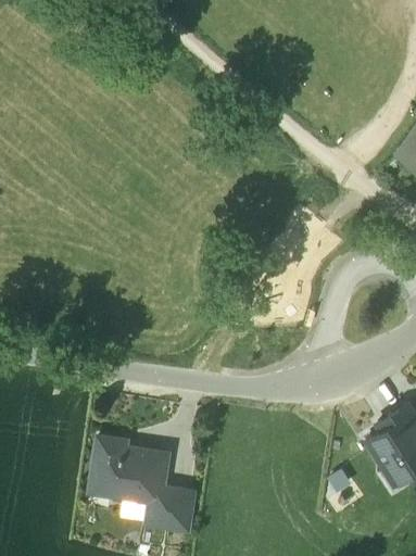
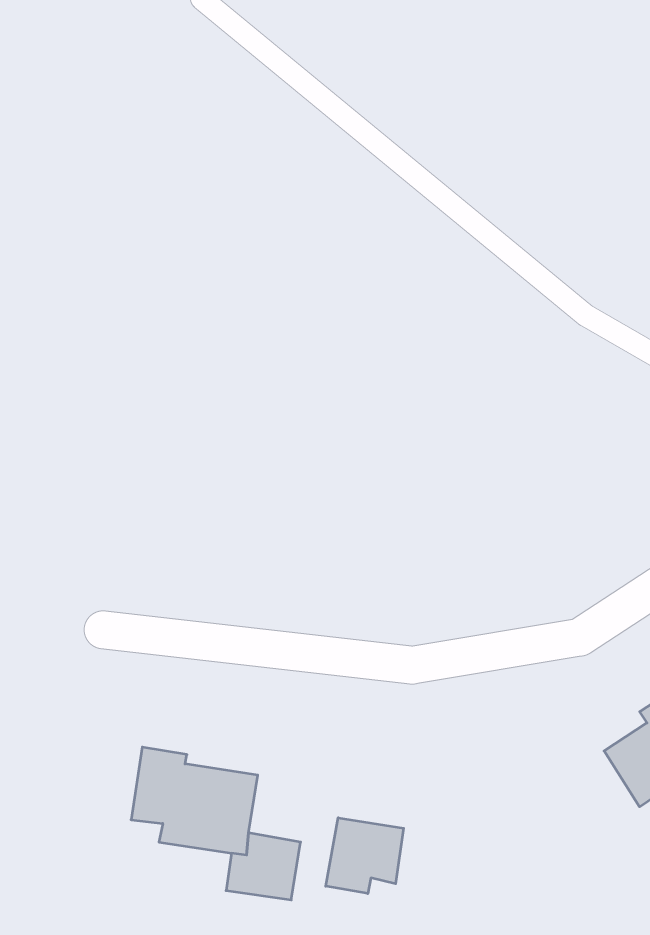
building: none -> [326,818,404,894]

